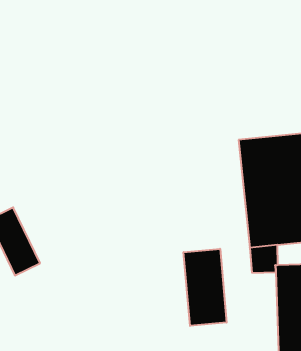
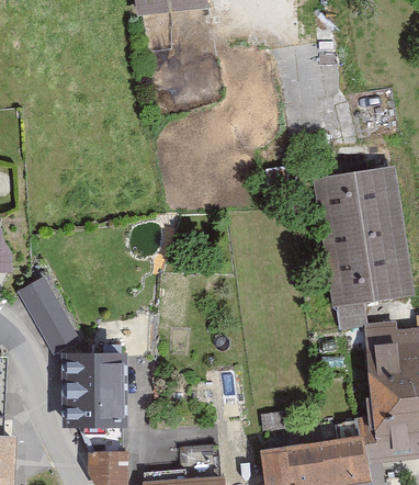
building: [184,249,227,326] -> none
building: none -> [64,352,133,428]

